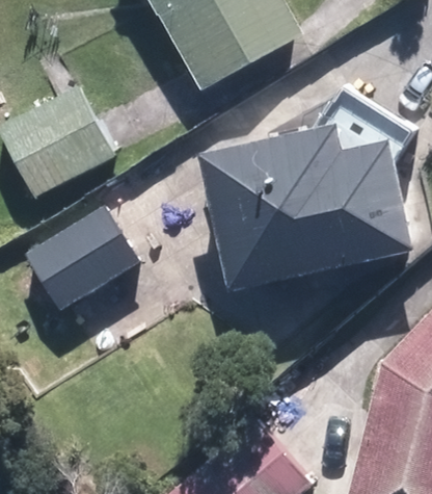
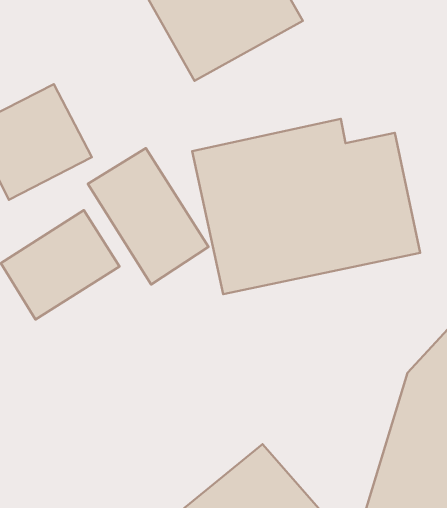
building: none -> [88,148,209,284]

